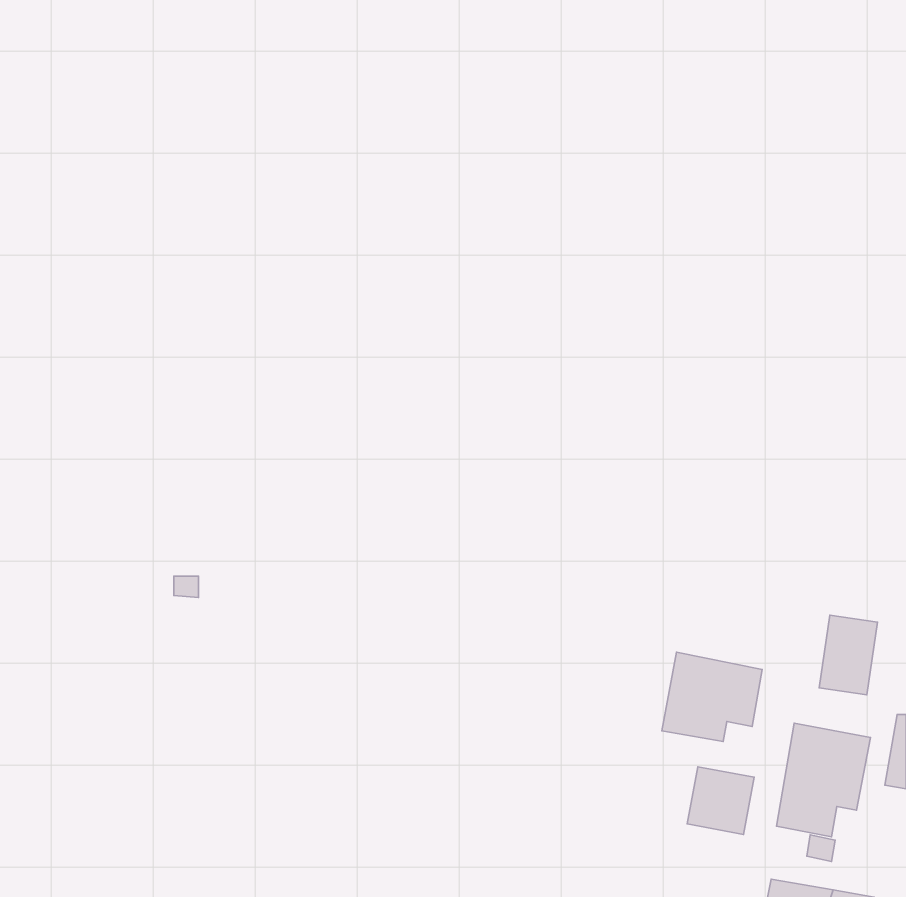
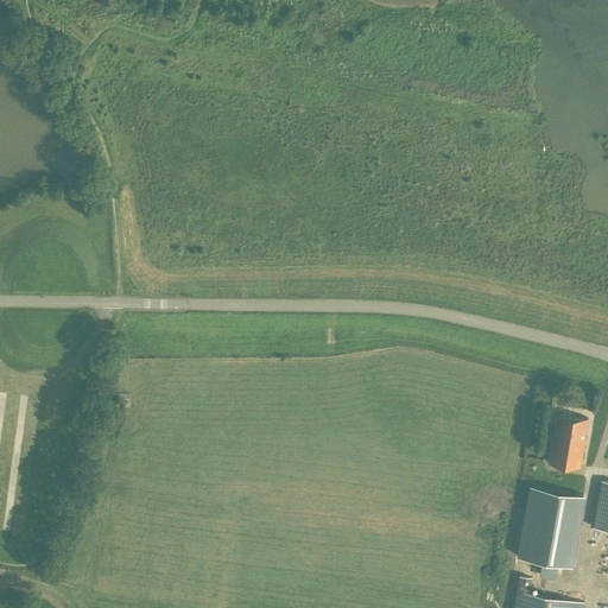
building: [662,652,762,741] -> none
building: [687,767,754,834] -> none

